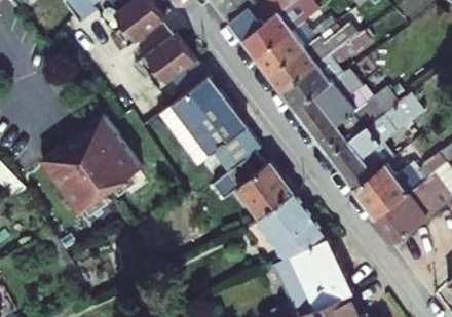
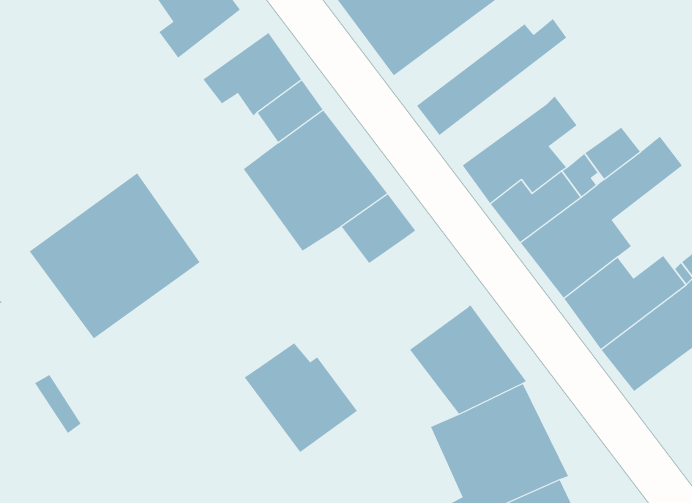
building: [253,21,332,77] -> none
building: [279,33,368,112] -> none
building: [229,155,296,220] -> [244,342,358,453]

